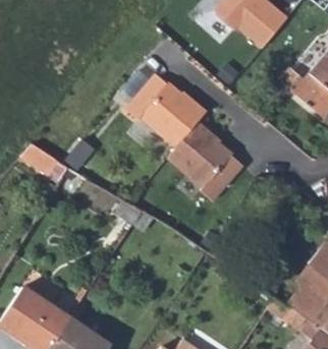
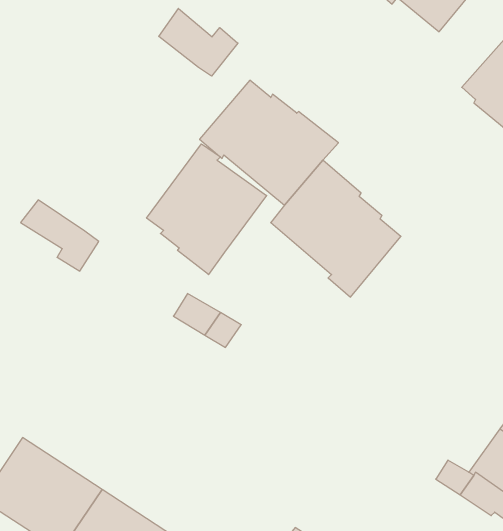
building: none -> [159,8,238,76]
building: none -> [147,144,267,275]

